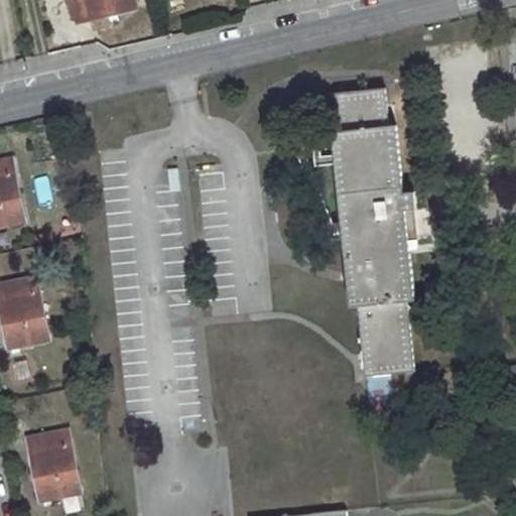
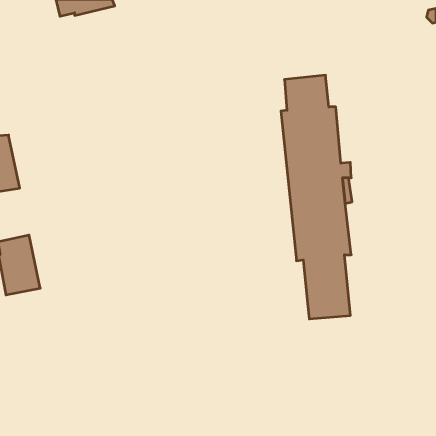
building: [28,430,80,500] -> none

